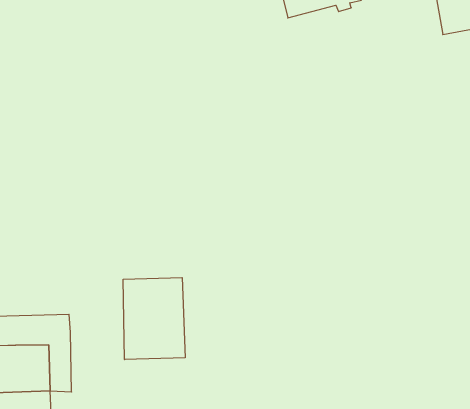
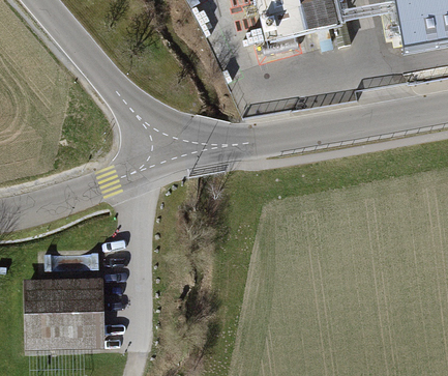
building: [123,278,185,360] -> none

